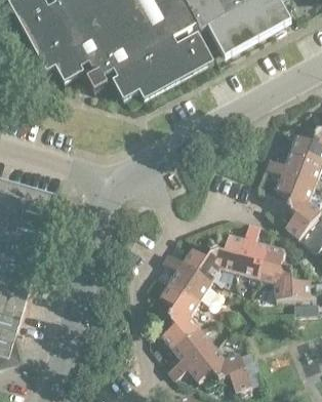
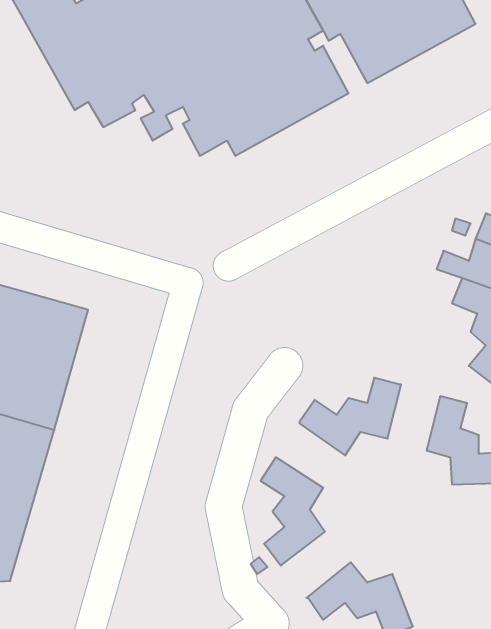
building: [236,224,268,279] -> none
building: [163,252,210,302] -> none
building: [167,328,213,378] -> none

